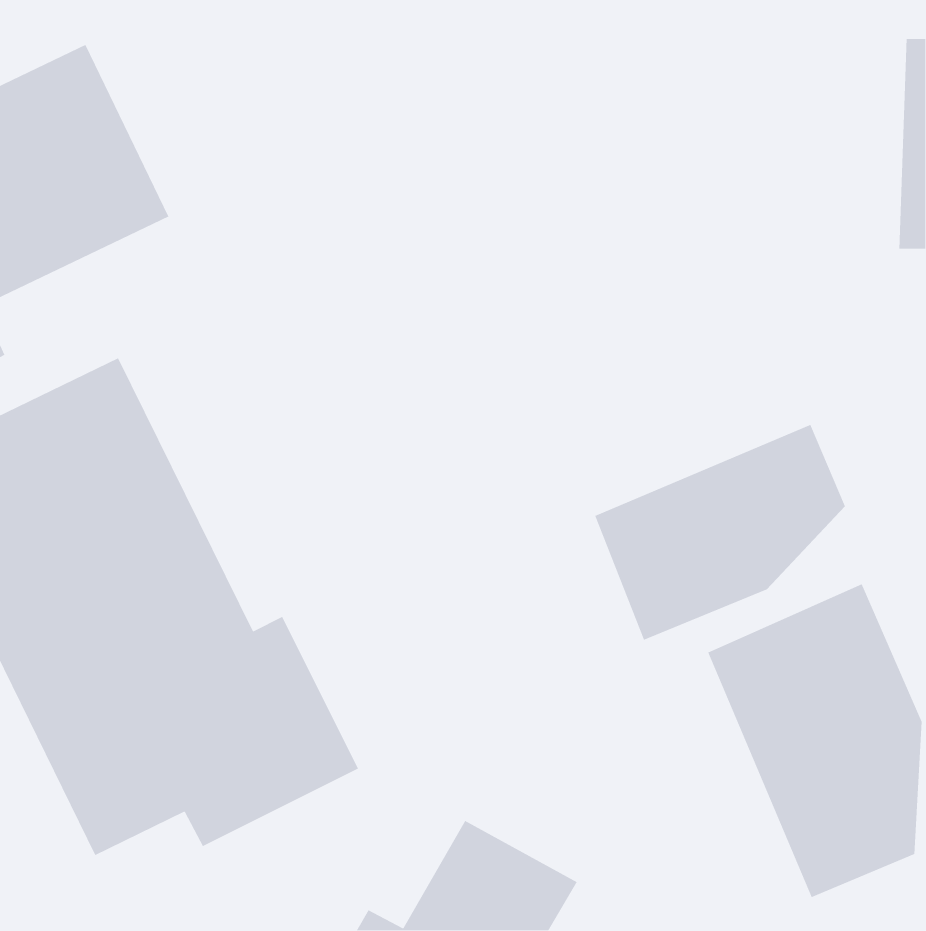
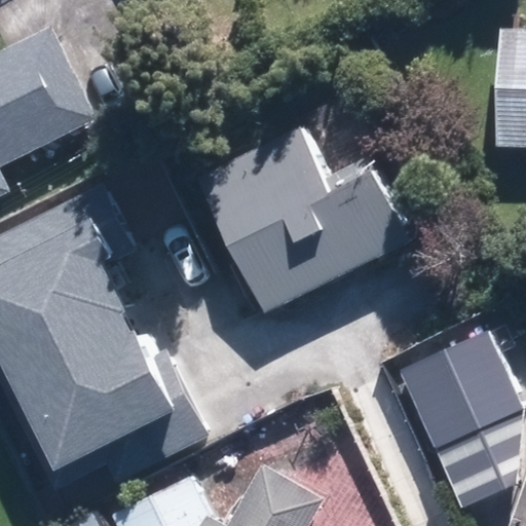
building: none -> [206,118,421,308]
building: [594,424,846,641] -> none

